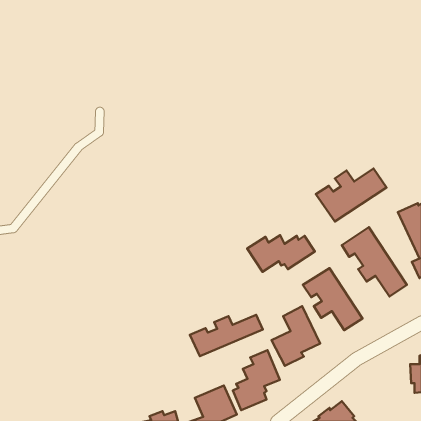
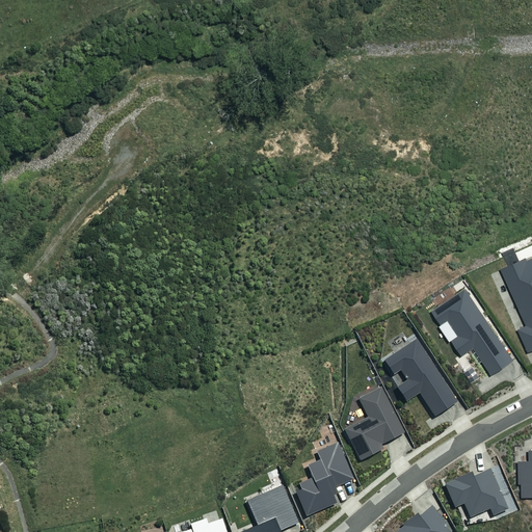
building: [316,169,386,221] -> none
building: [247,235,315,272] -> none
building: [190,315,263,356] -> none
building: none -> [444,469,508,517]

